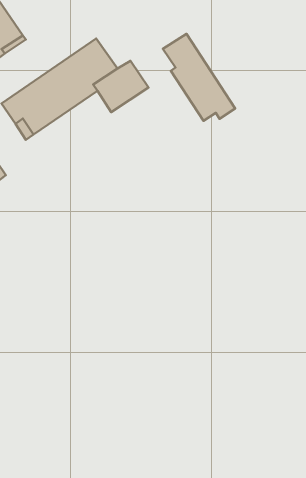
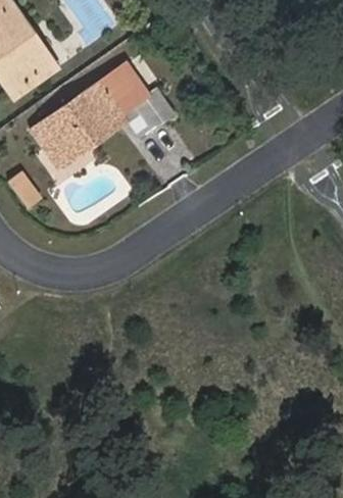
building: [163,34,235,121] -> none

